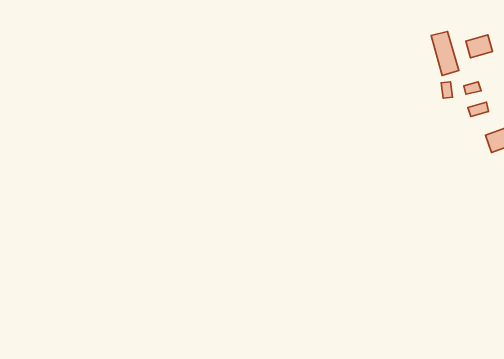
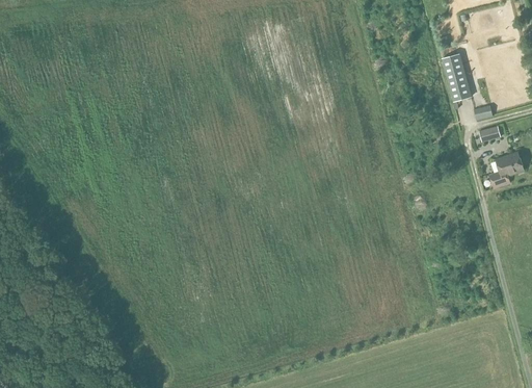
building: [466,35,492,58] -> none

